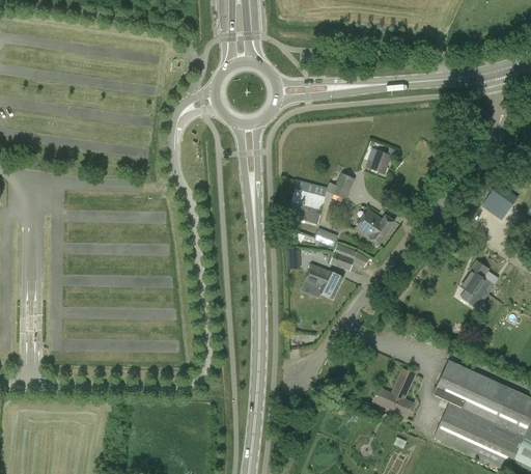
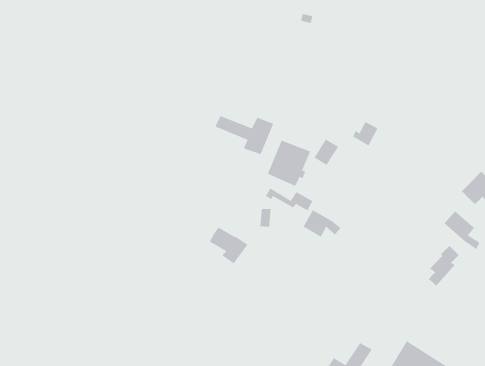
building: none -> [214,115,274,155]
building: [357,210,395,245] -> none
building: none -> [444,211,480,250]
building: [305,263,344,299] -> [209,226,248,264]

